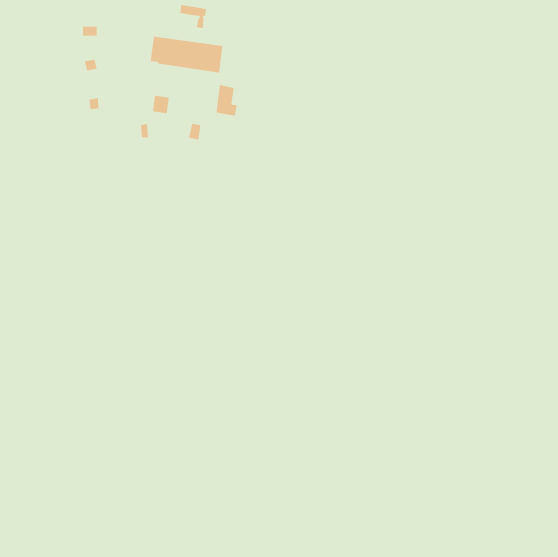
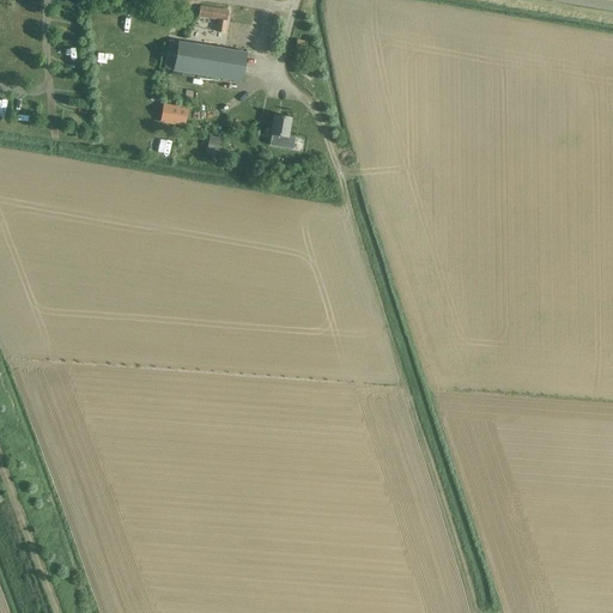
building: [216,85,238,116] -> [269,113,293,147]

